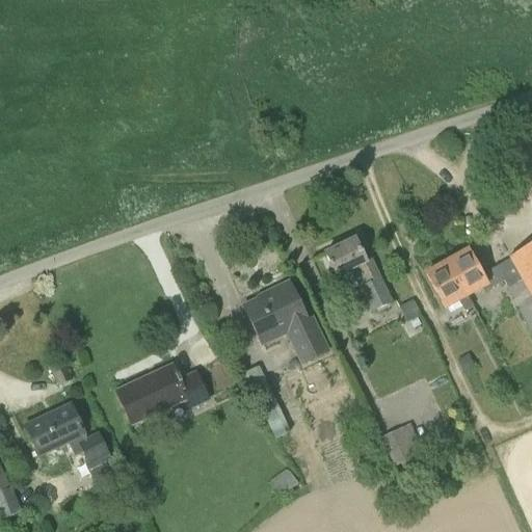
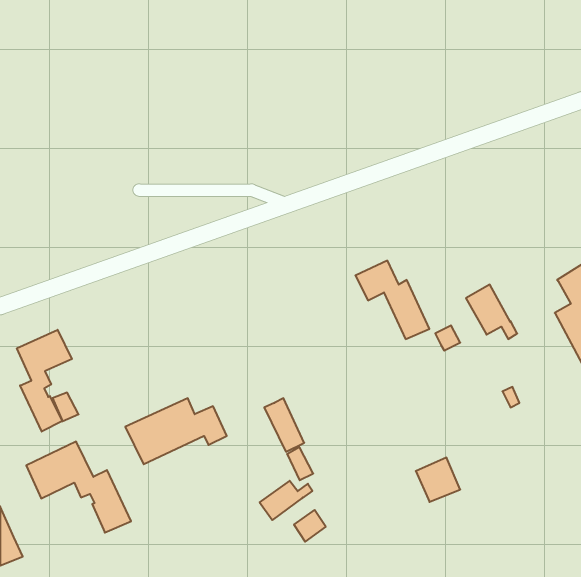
building: [448,248,522,294] -> none
building: [243,281,327,363] -> none
building: none -> [17,330,72,432]
building: none -> [260,481,312,520]

